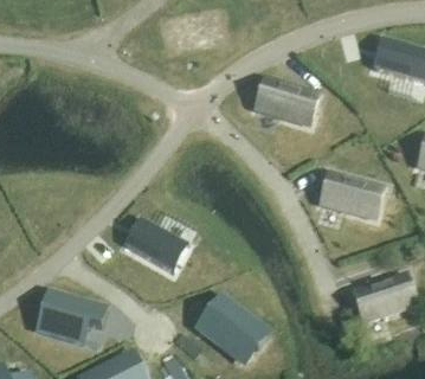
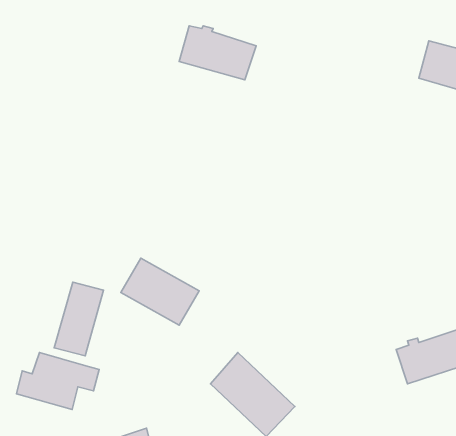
building: [255,78,318,123] -> [179,26,256,80]
building: [318,171,382,216] -> none
building: none -> [54,282,104,356]

